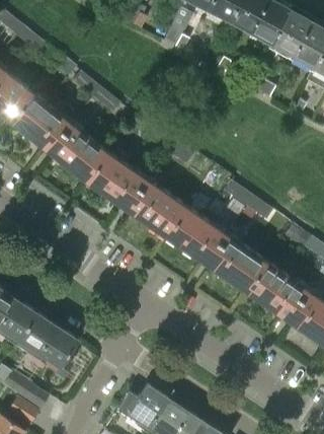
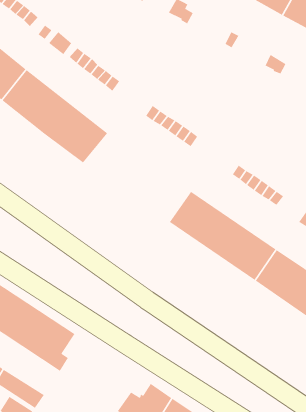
building: [85,152,185,235] -> none

